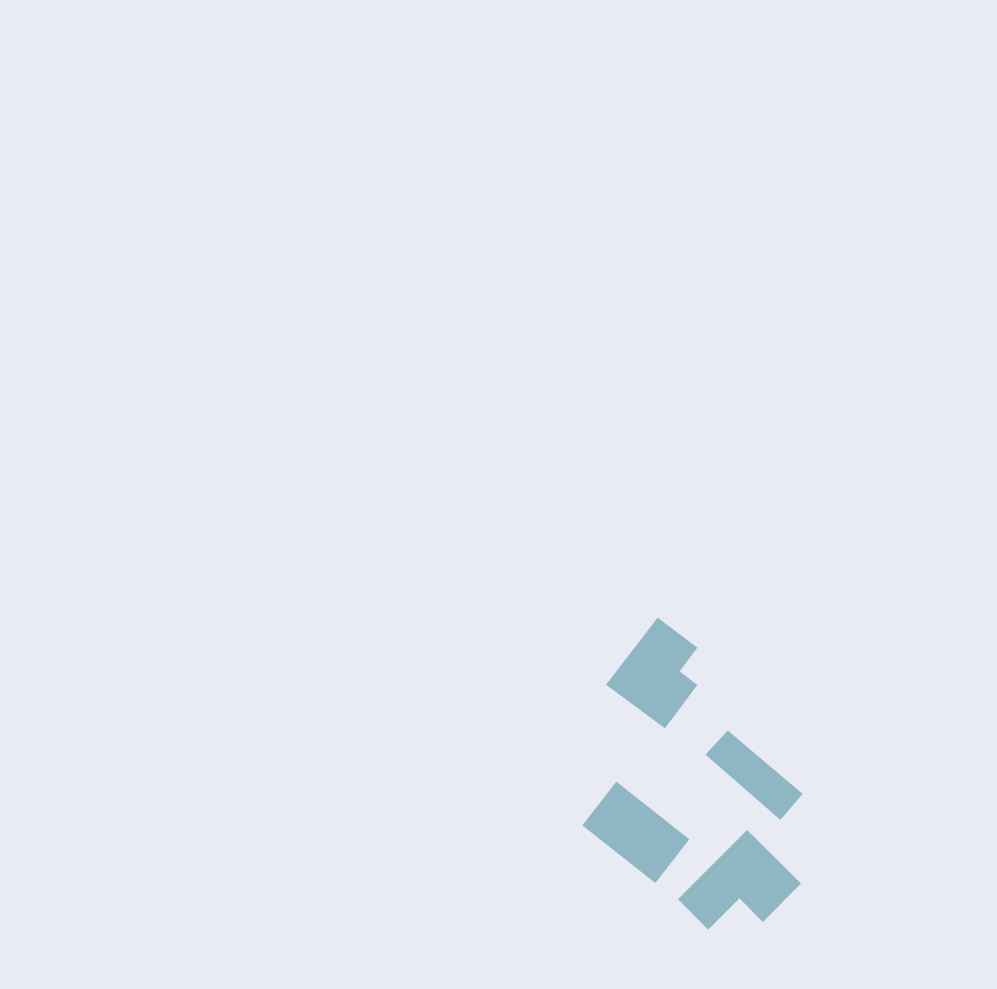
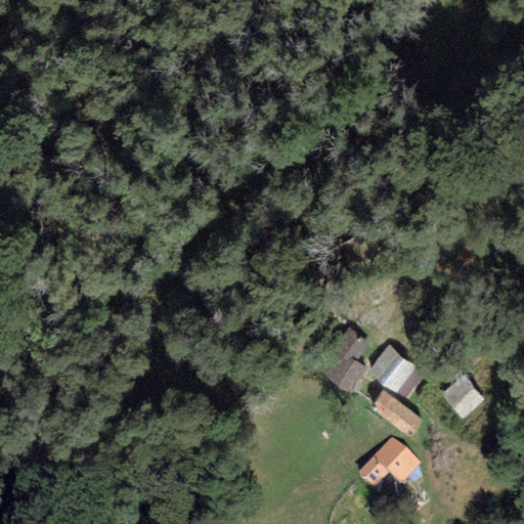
building: none -> [440,373,484,419]
building: [581,781,690,884] -> [370,345,428,399]

